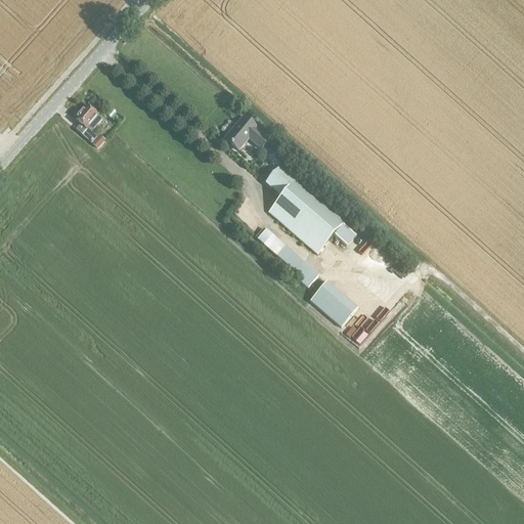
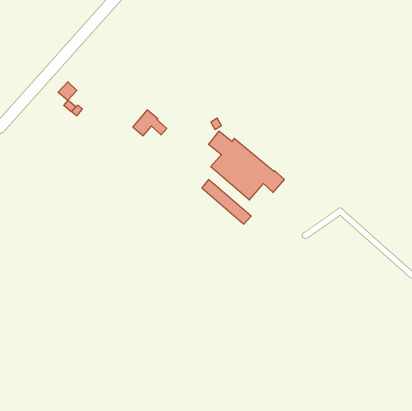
building: [224,116,267,148] -> [133,110,167,136]
building: [309,280,357,325] -> none

